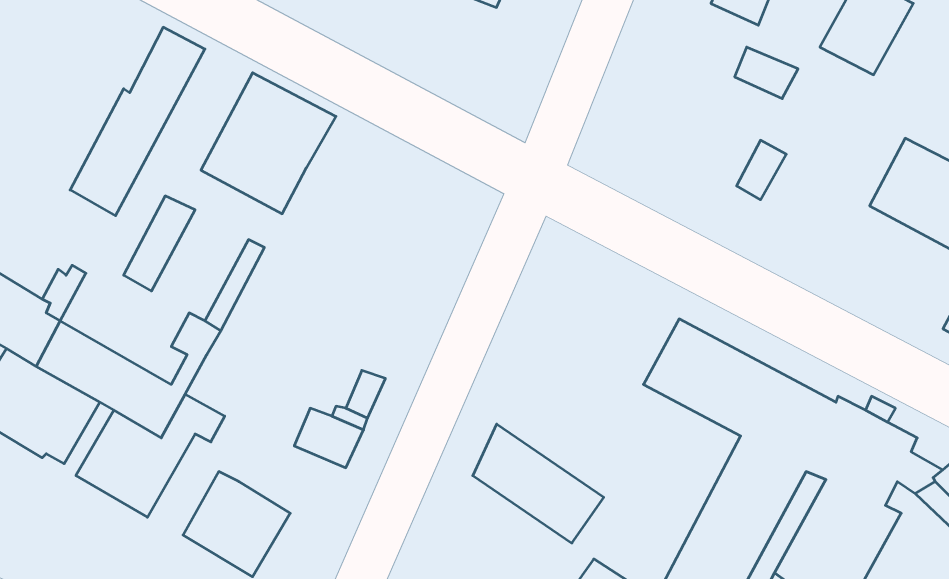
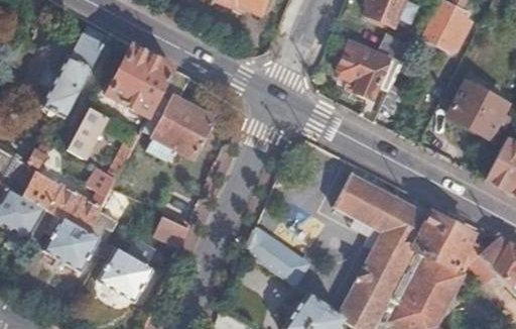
building: none -> [337,39,388,97]
building: none -> [153,69,214,157]

